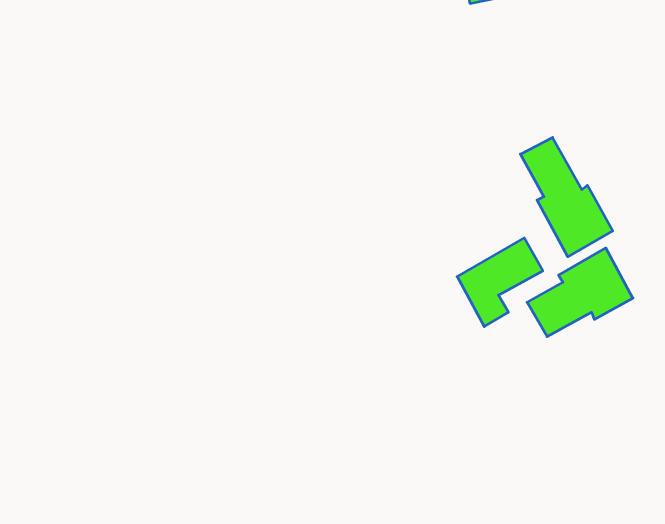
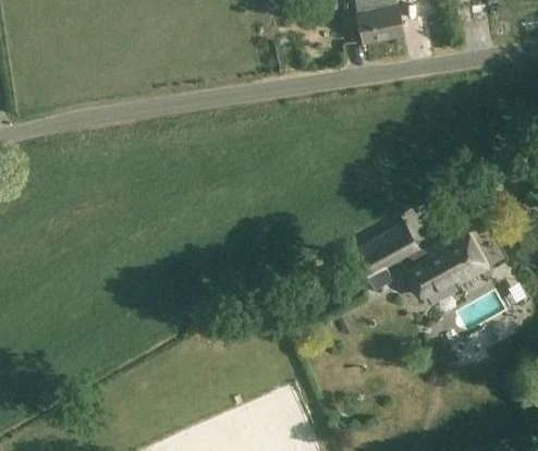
building: [520,137,613,257] -> none

